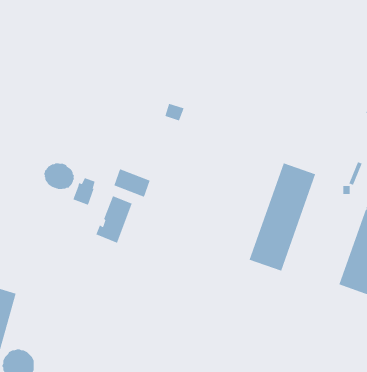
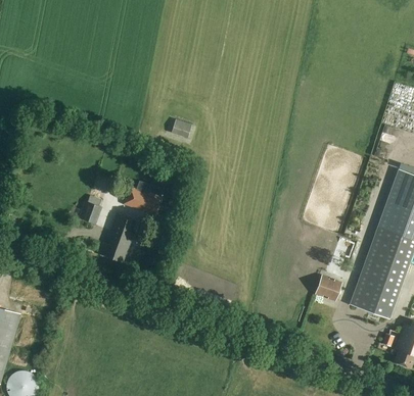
building: [44,162,75,190] -> none
building: [249,163,316,272] -> none
building: none -> [314,276,340,299]

